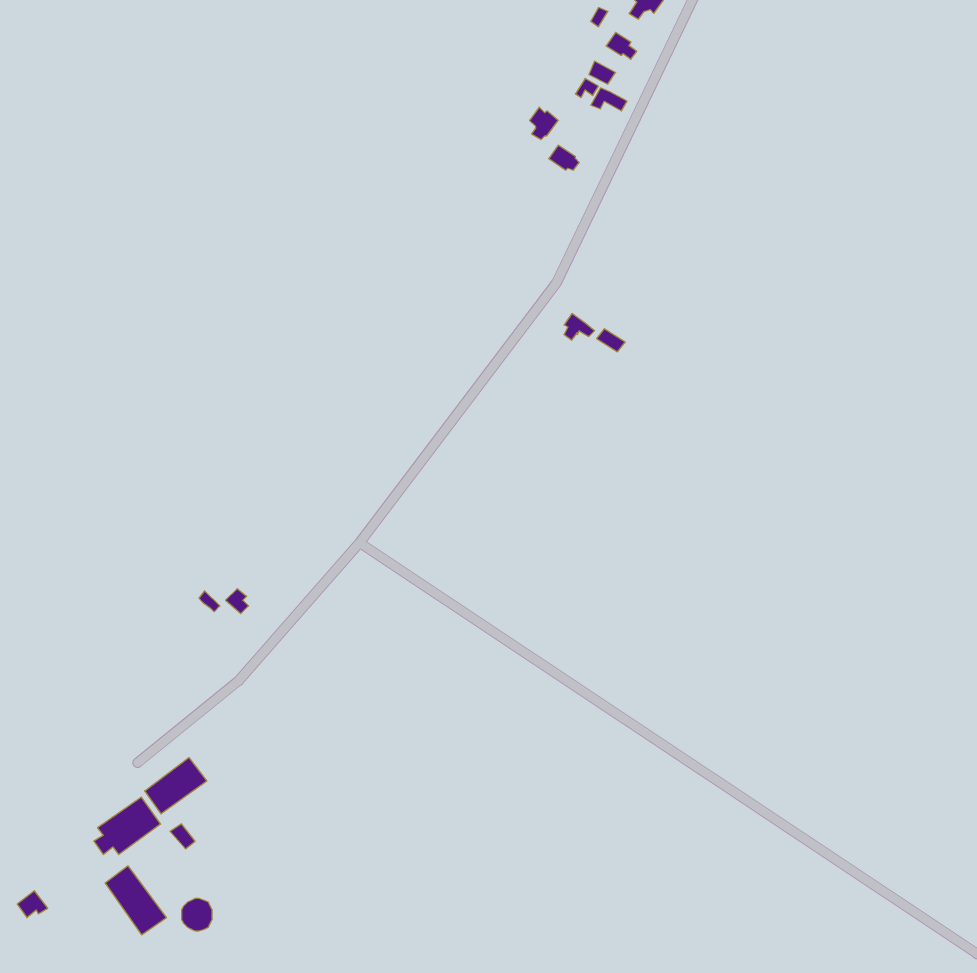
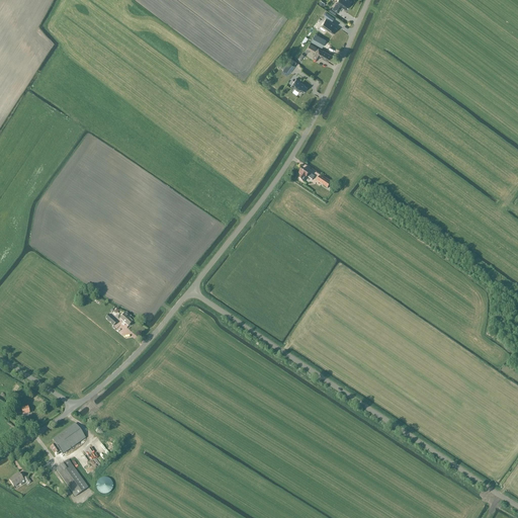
building: [145,758,207,814] -> none

